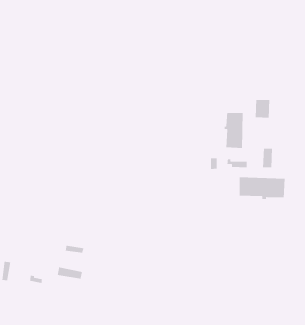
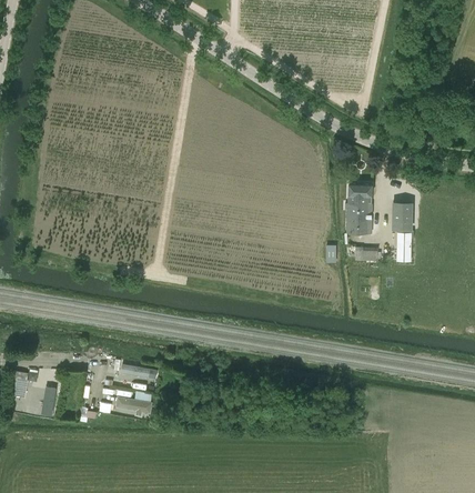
building: [255,99,270,119] -> [392,203,413,230]
building: [239,176,286,200] -> none

